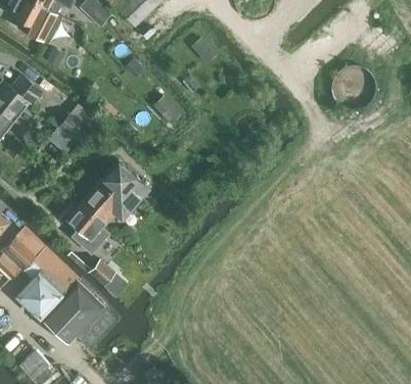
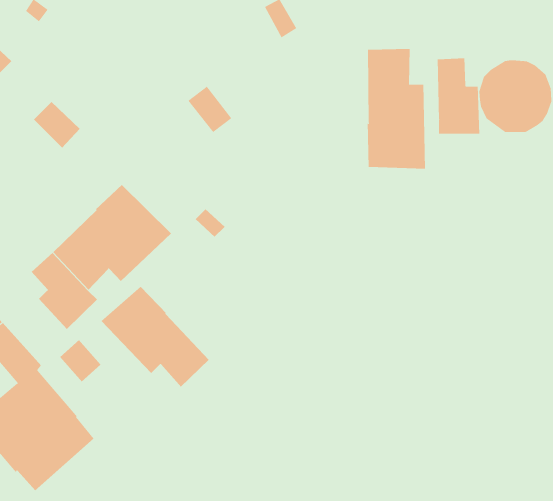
building: none -> [367,48,425,169]
building: none -> [437,57,480,135]
building: none -> [100,286,210,387]

